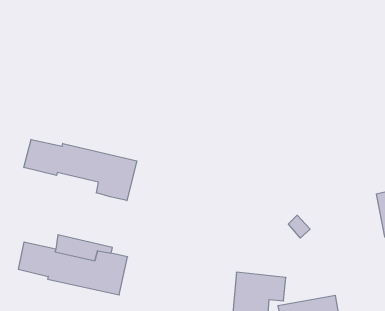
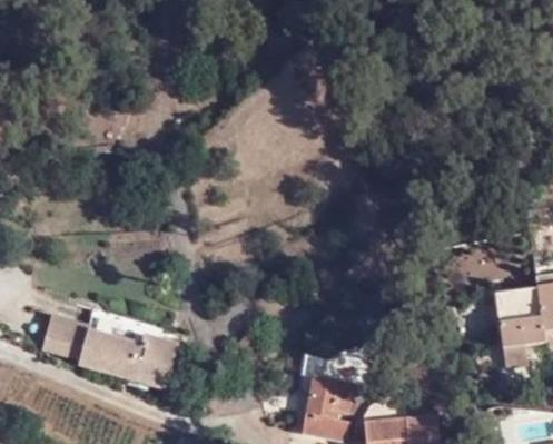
building: [24,139,137,201] -> none

